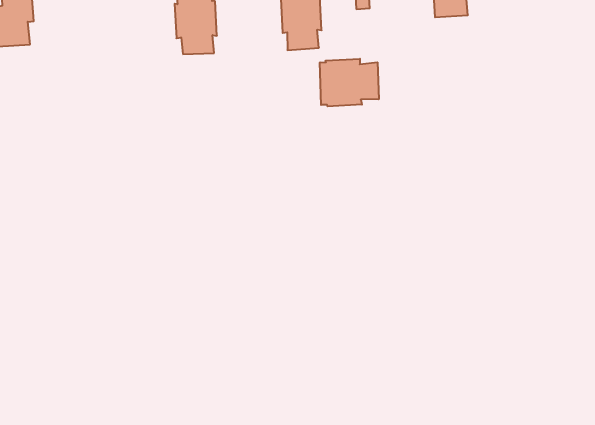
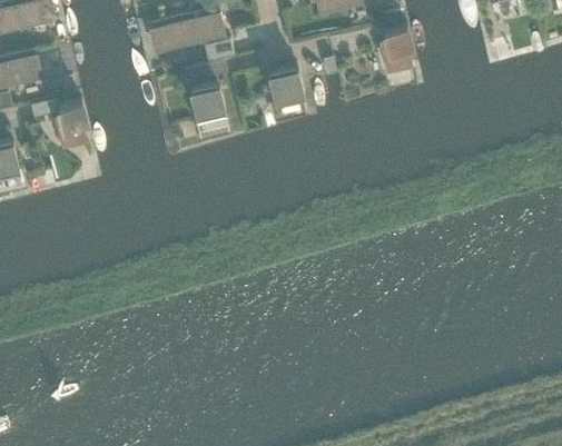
building: [320,59,379,106] -> none

